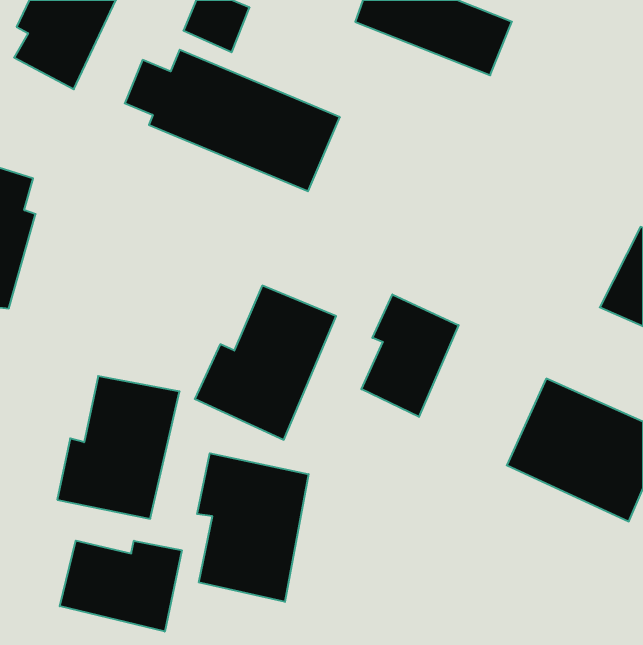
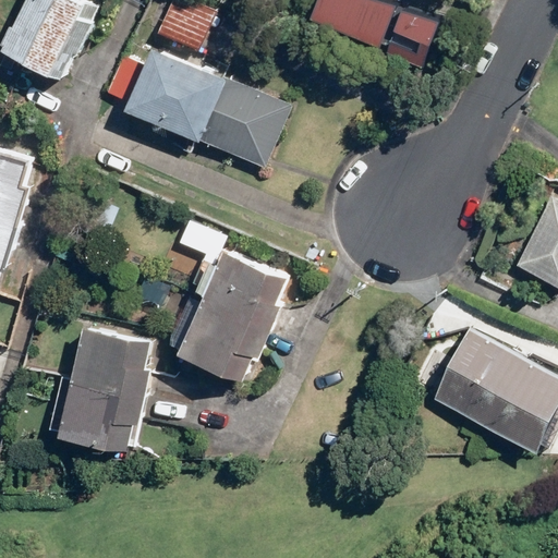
building: [361,294,459,417] -> none
building: [197,453,309,602] -> none
building: [60,541,182,632] -> none

